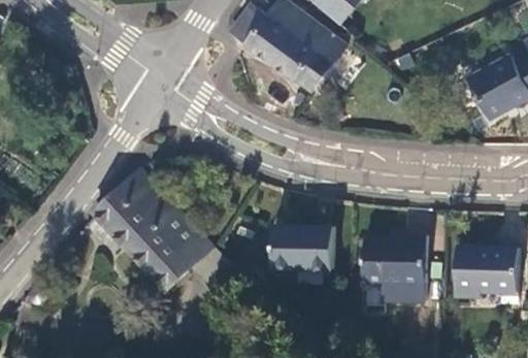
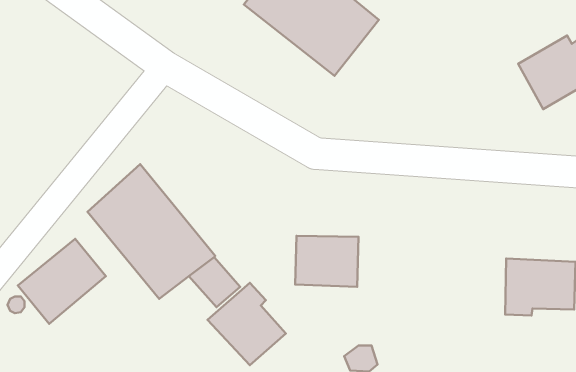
building: none -> [18,239,106,324]
building: [363,236,427,302] -> none
building: none -> [207,283,286,365]

